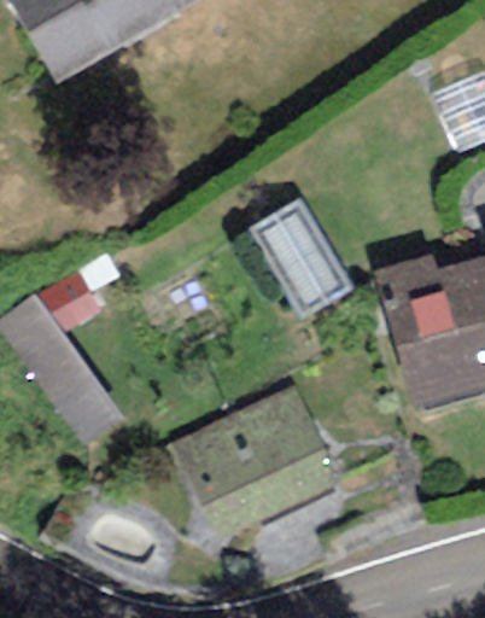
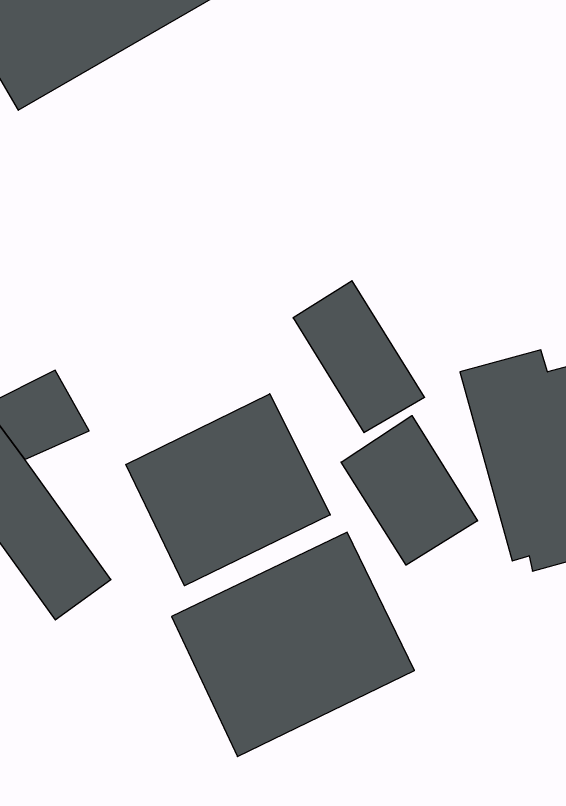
building: none -> [126,394,330,586]
building: none -> [341,416,478,565]

